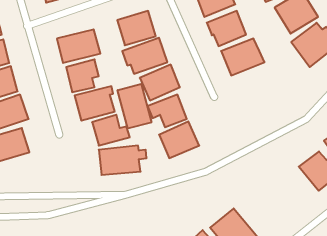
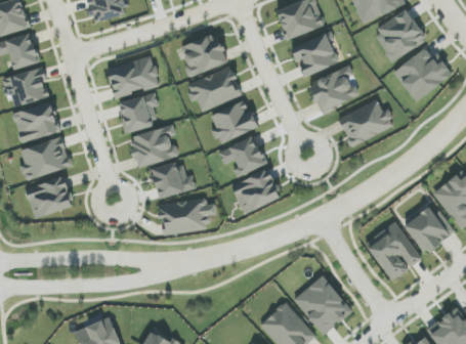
building: none -> [338,100,395,146]
building: [118,84,151,128] -> none
building: none -> [365,221,422,281]

